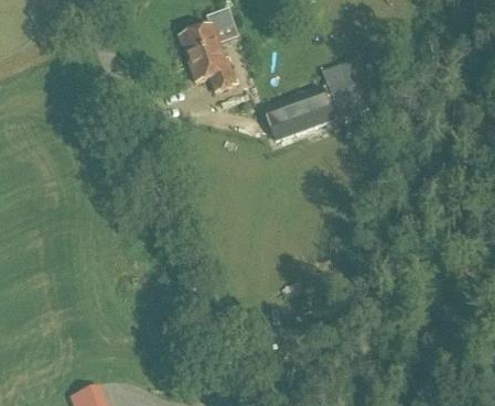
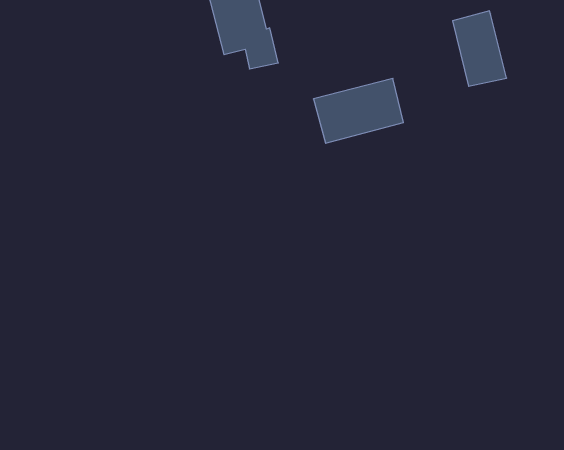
building: [325,61,369,118] -> [453,11,507,86]

